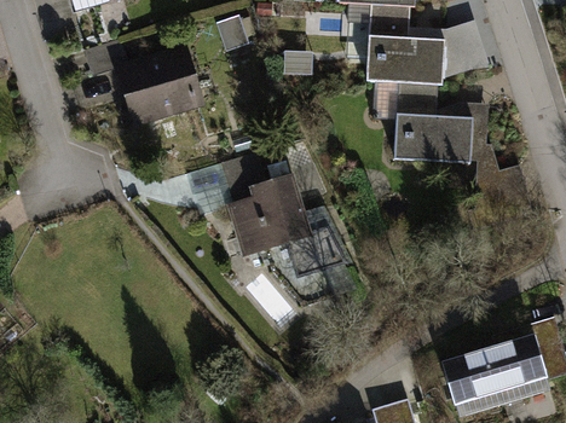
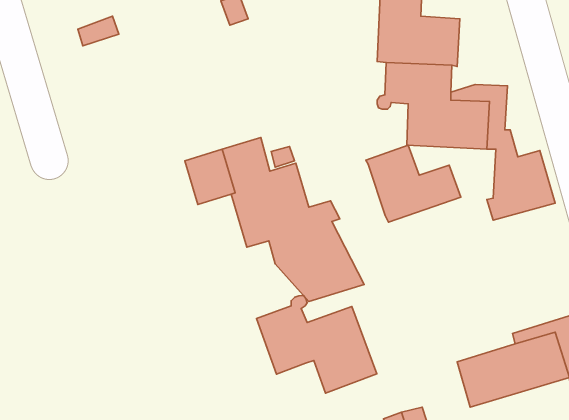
building: [122,52,198,121] -> none
building: none -> [366,145,461,222]
building: none -> [256,296,377,393]

